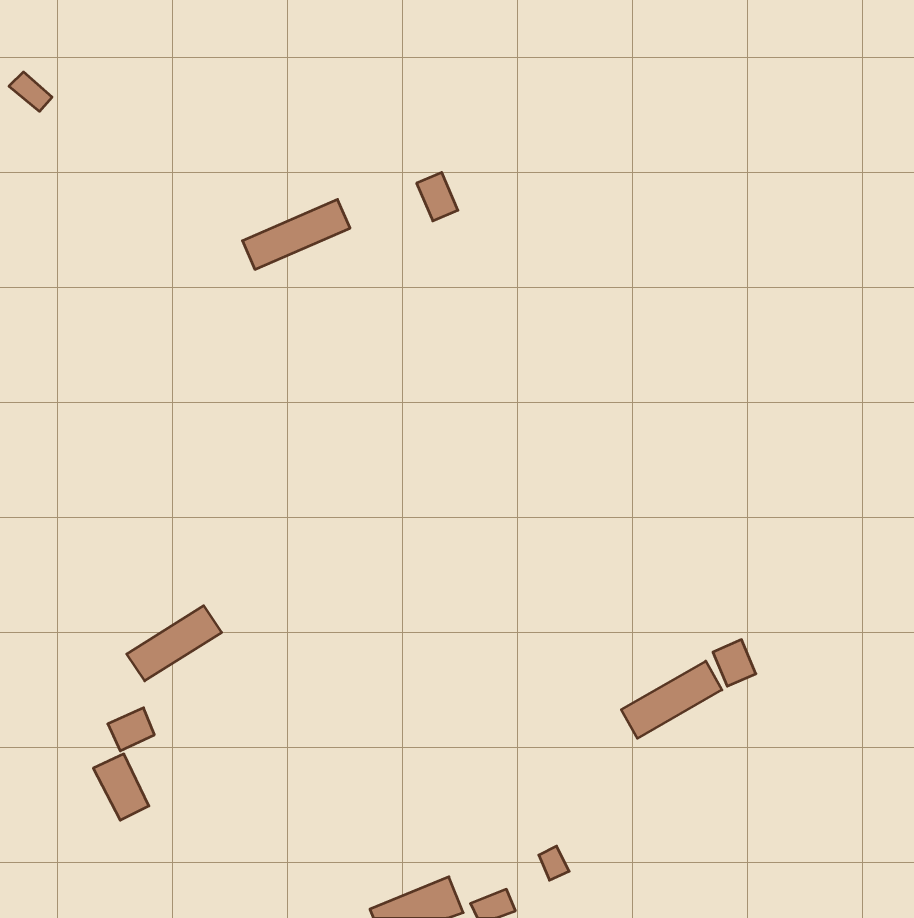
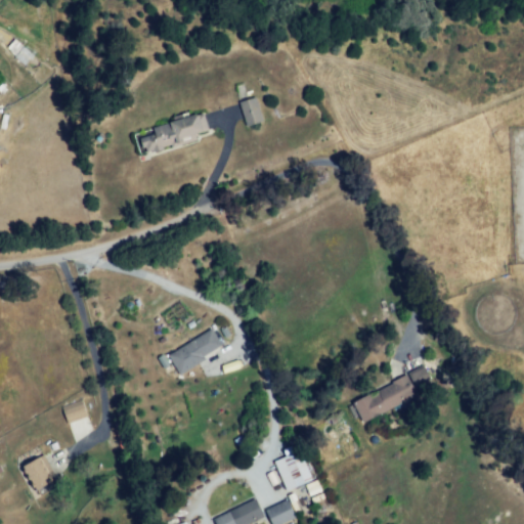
building: [127,606,222,681] -> [168,331,222,374]
building: [93,754,149,820] -> [23,460,54,497]
building: none -> [275,450,313,490]

